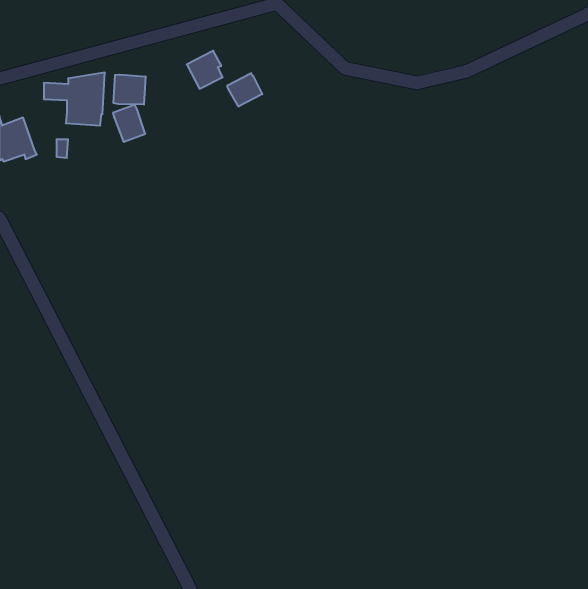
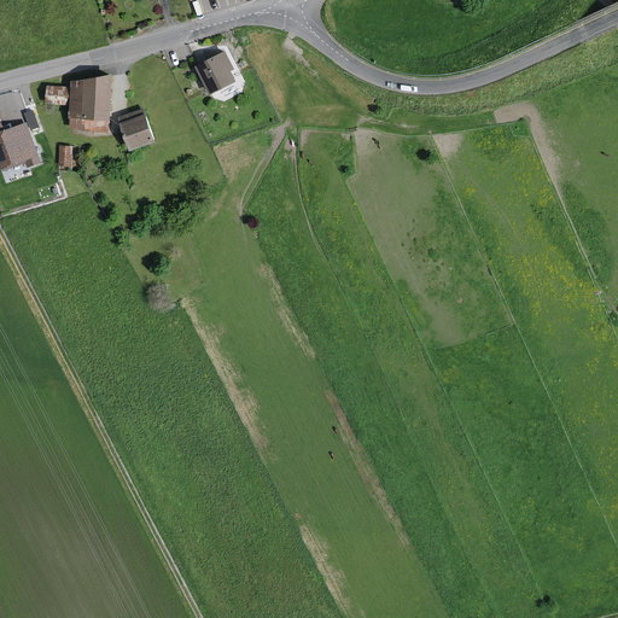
building: [227,73,262,107] -> none
building: [113,75,146,105] -> none

